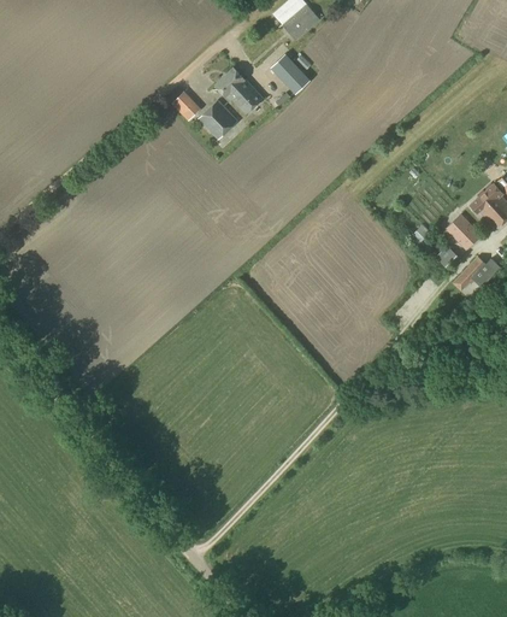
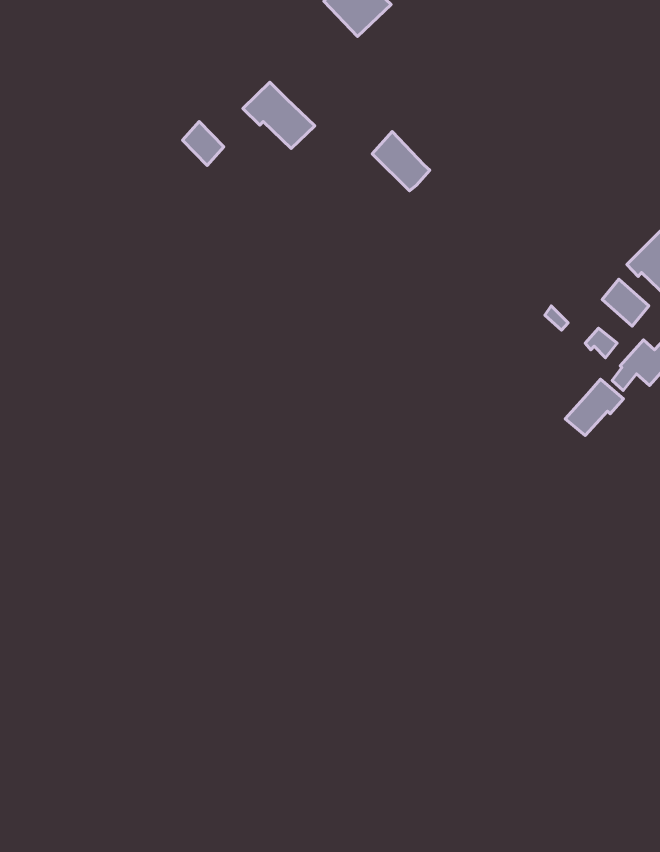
building: [271,53,309,94] -> [372,132,430,191]
building: [199,101,237,140] -> none
building: none -> [565,379,624,435]

